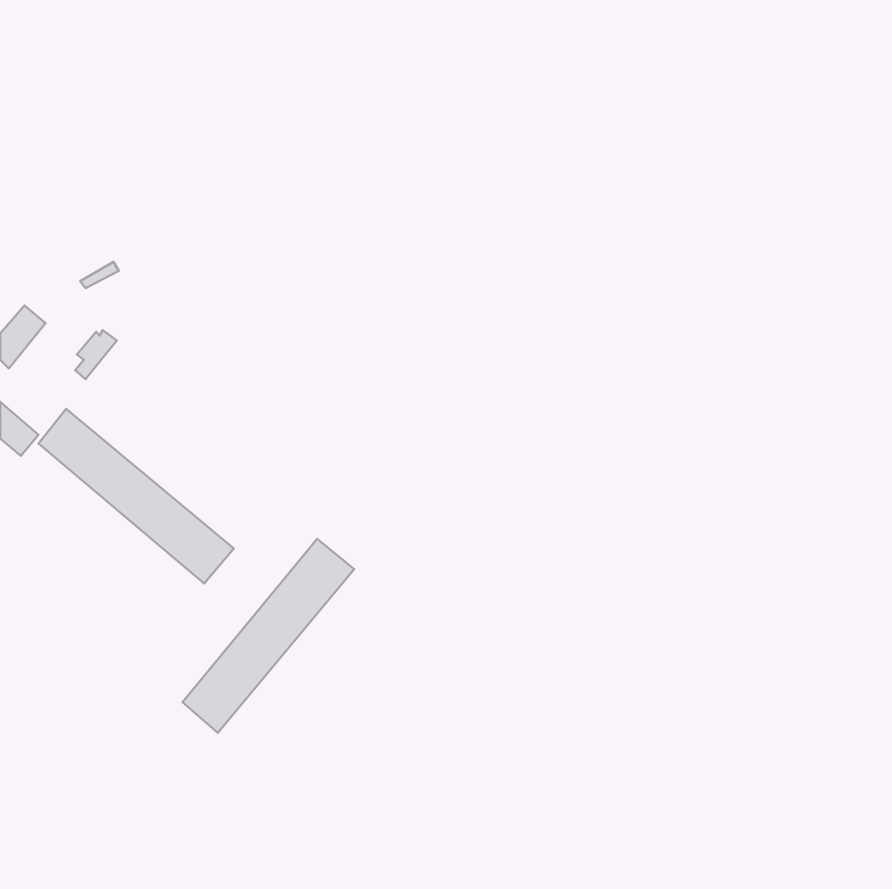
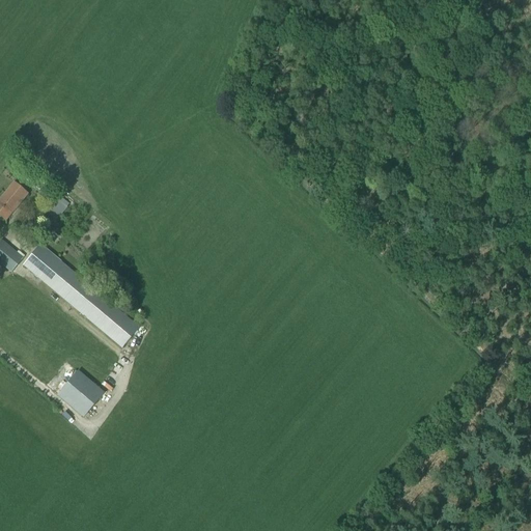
building: [183,539,354,733] -> none
building: none -> [58,369,104,415]

